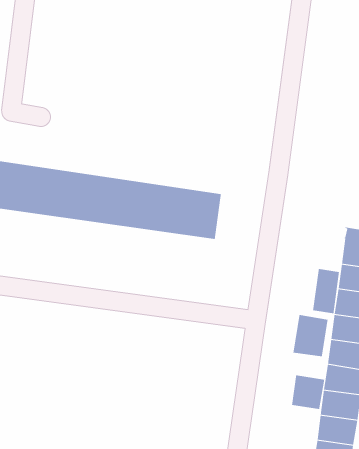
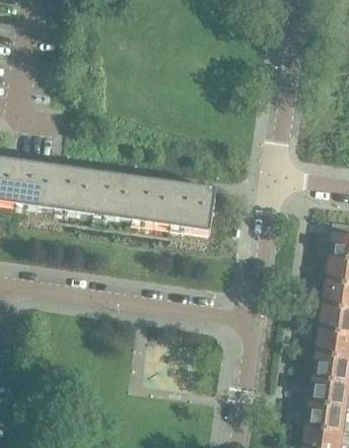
building: [313,268,340,314] -> none
building: [293,314,328,357] -> none
building: [291,374,325,410] -> none

